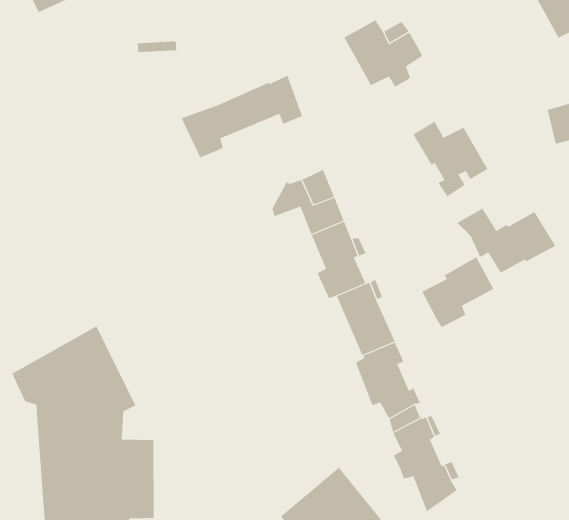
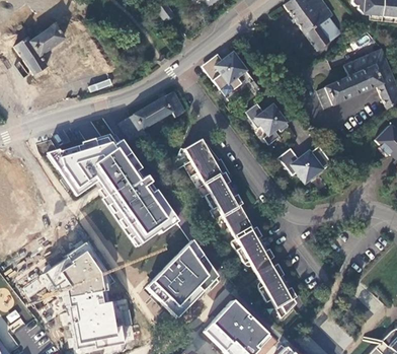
building: none -> [49,132,178,241]
building: [421,257,494,328] -> none
building: none -> [146,239,217,316]

